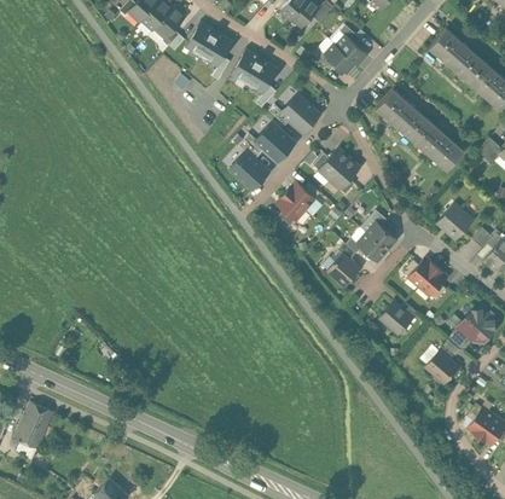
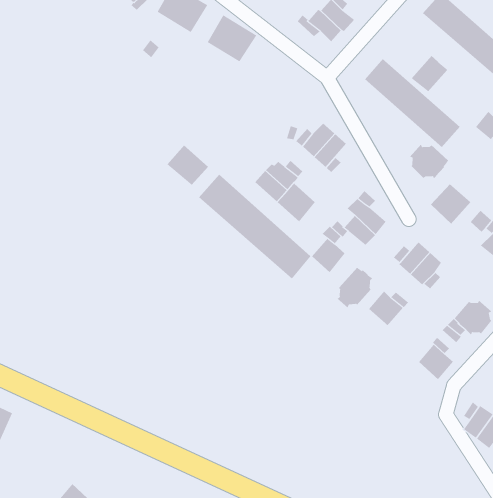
building: none -> [411,55,449,92]
building: [281,94,320,132] -> none
building: [256,123,294,161] -> none
building: [230,152,268,190] -> [167,144,209,185]
building: none -> [409,144,449,179]
building: none -> [198,174,311,280]
building: none -> [277,182,315,222]
building: none -> [336,267,373,308]

